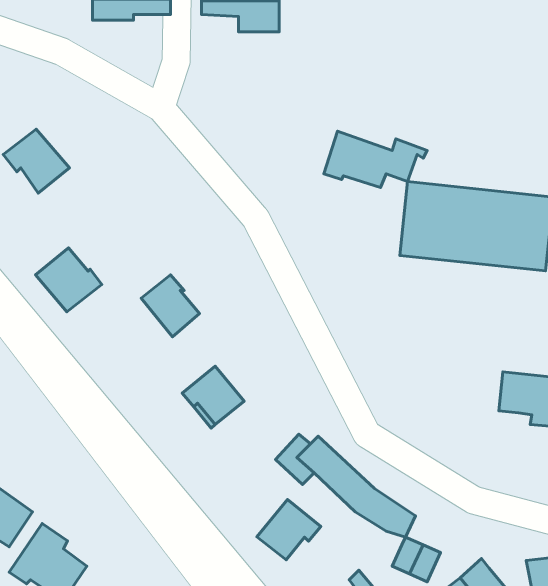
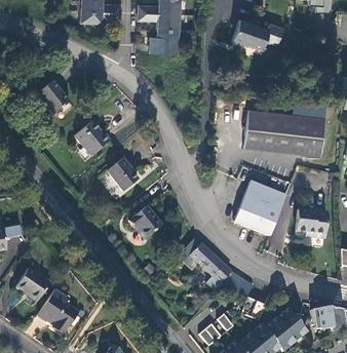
building: none -> [151,30,180,53]
building: [324,131,427,187] -> [232,18,286,48]
building: [36,248,102,312] -> [74,121,109,155]
building: none -> [234,181,285,236]
building: [257,500,321,560] -> none

